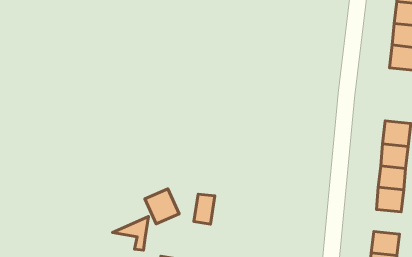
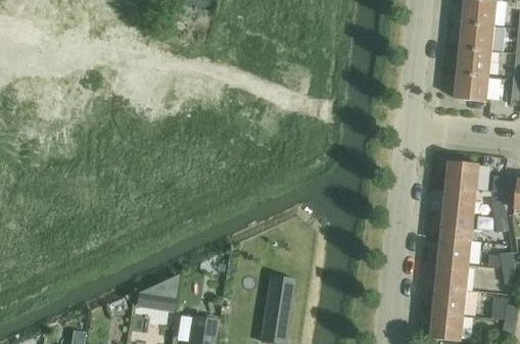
building: [145,189,179,224] -> none
building: [194,194,215,224] -> [267,277,291,311]
building: none -> [436,262,468,291]

